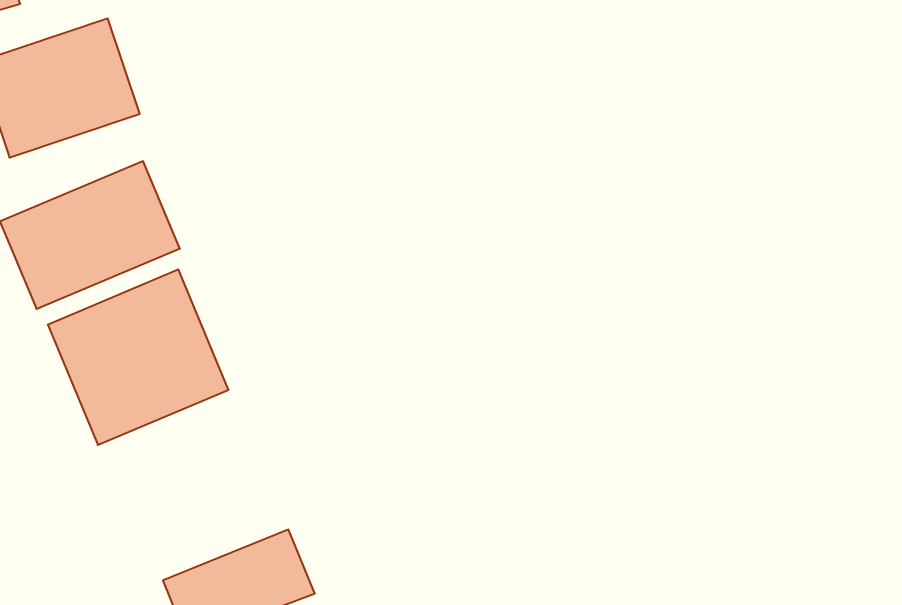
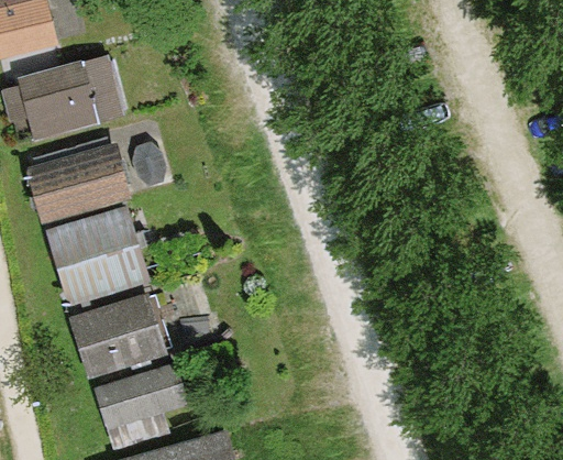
building: none -> [70,294,165,375]

